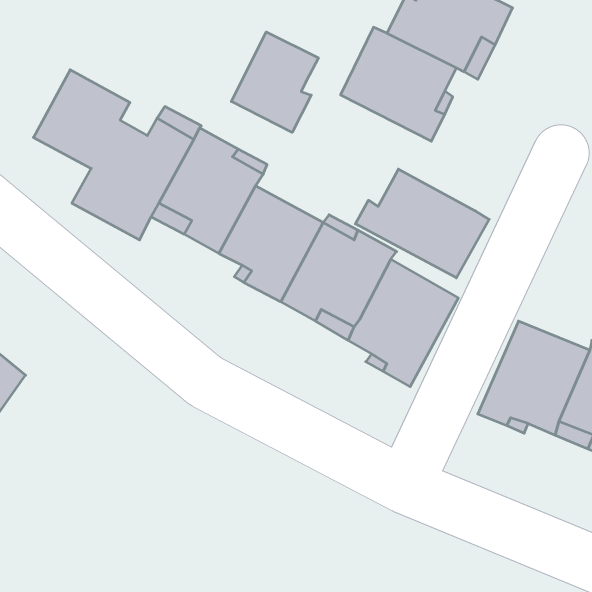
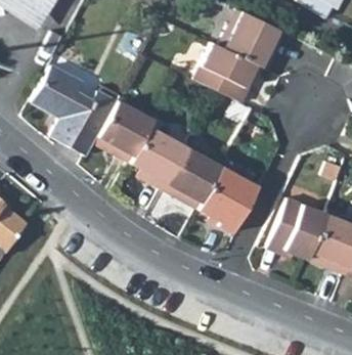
building: [231,32,318,132] -> none
building: [355,169,489,278] -> none

